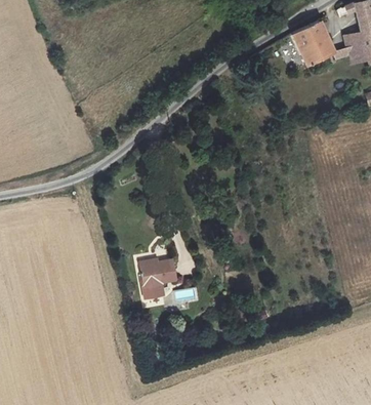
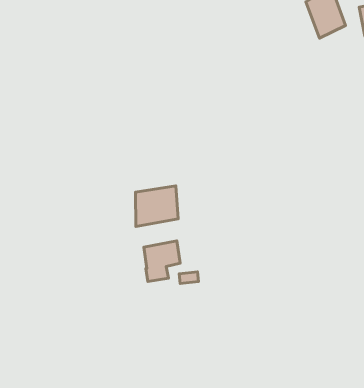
building: none -> [136,186,178,227]

